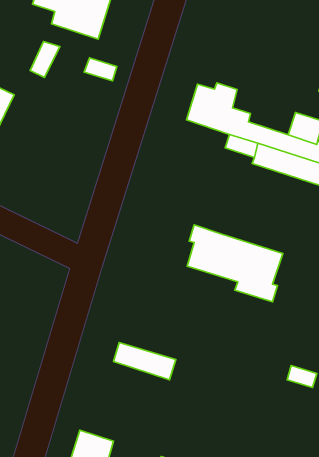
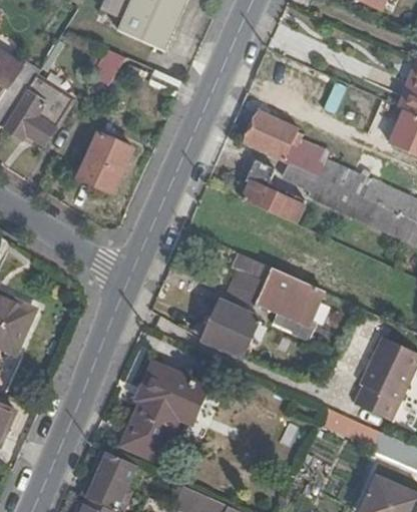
building: none -> [77,132,133,192]
building: none -> [240,160,304,223]
building: none -> [201,301,260,358]
building: none -> [122,383,198,461]

